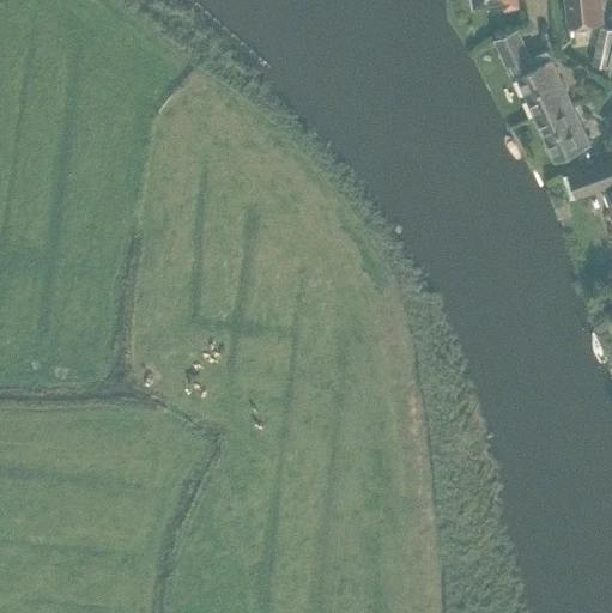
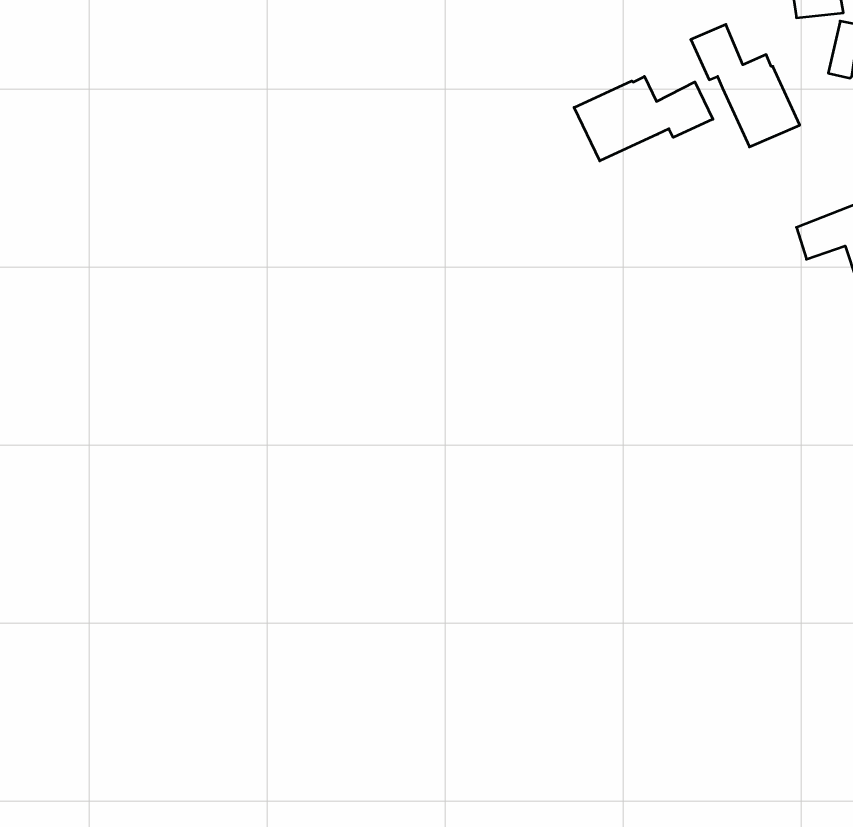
building: none -> [574,76,713,161]
building: [538,104,592,163] -> none

